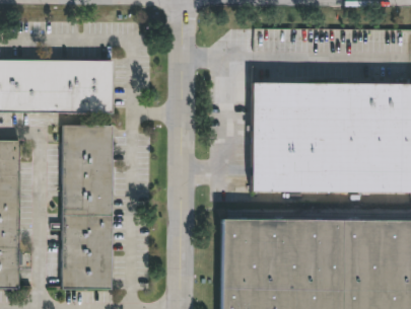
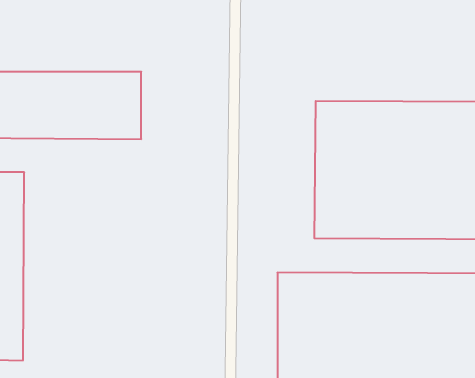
building: [62,125,113,289] -> none

